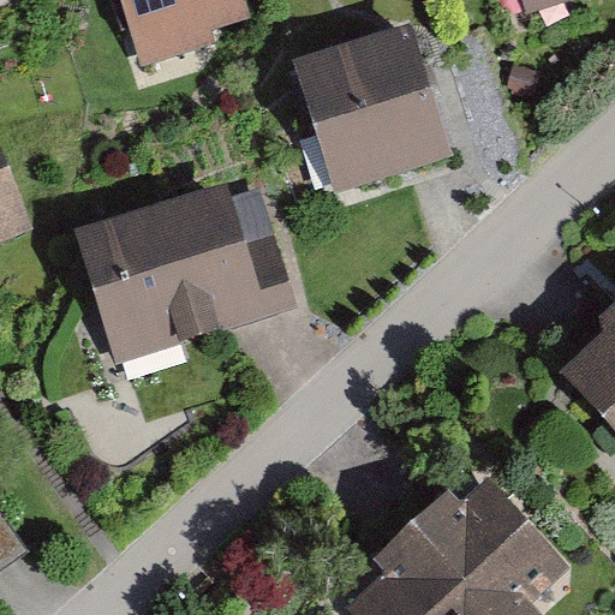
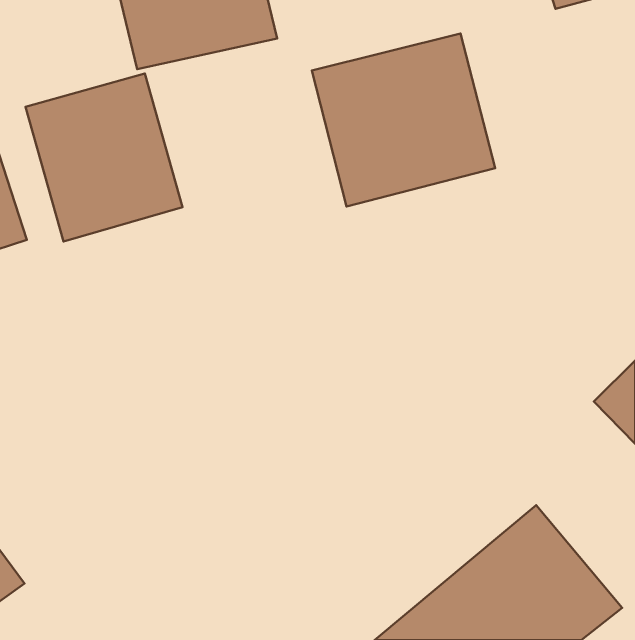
building: none -> [25,74,182,241]
building: [83,184,291,353] -> none

